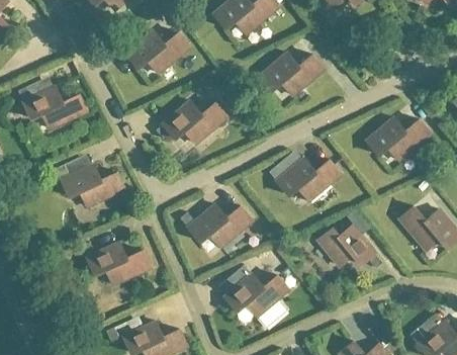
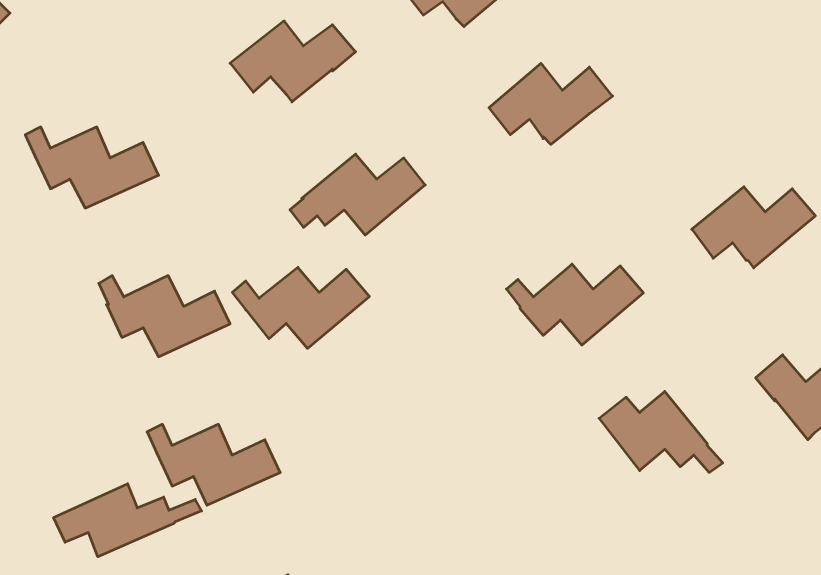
building: [180,204,252,247] -> [232,267,369,348]
building: [223,264,289,316] -> none
building: none -> [54,484,202,557]

